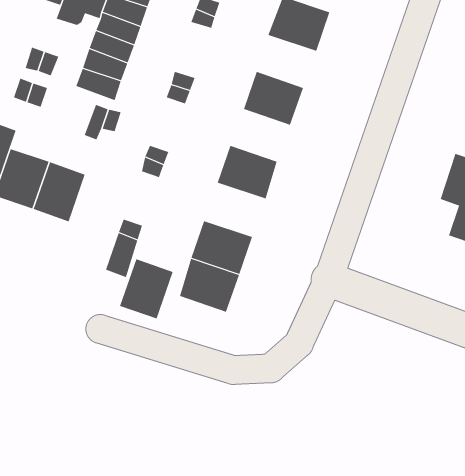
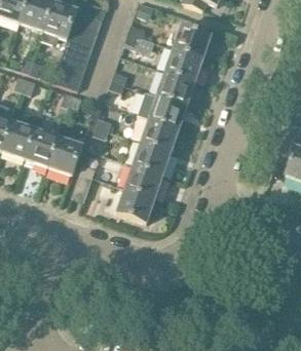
building: none -> [165,49,203,82]
building: none -> [149,95,187,128]
building: none -> [133,142,172,176]
building: [119,259,173,319] -> [48,136,82,174]

